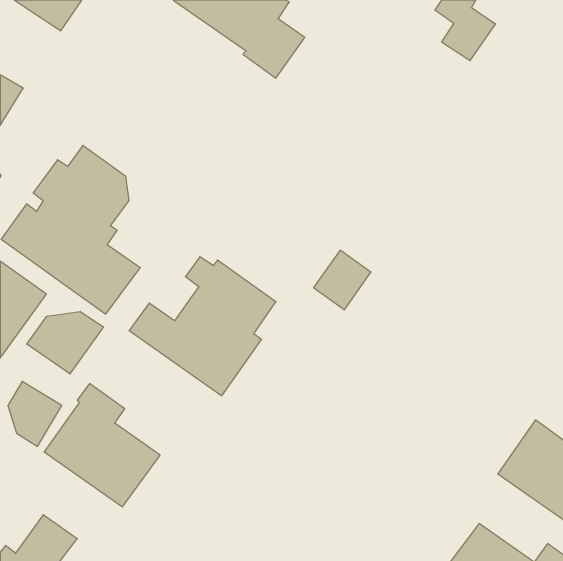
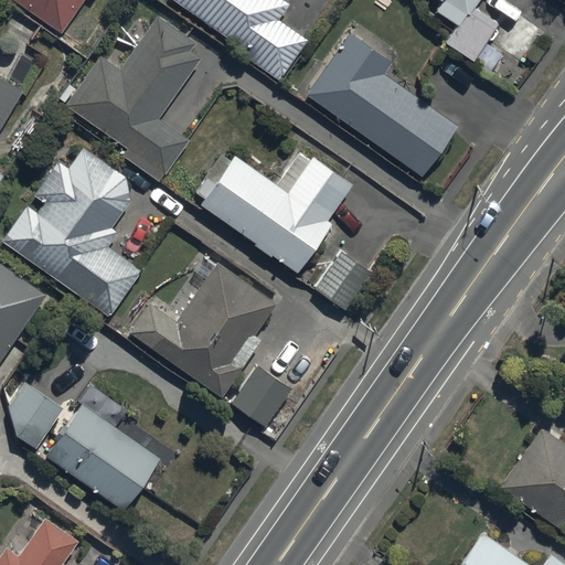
building: none -> [58,17,200,182]
building: none -> [307,32,458,174]
building: none -> [195,156,351,271]
building: [27,311,103,374] -> none
building: none -> [231,365,292,438]

